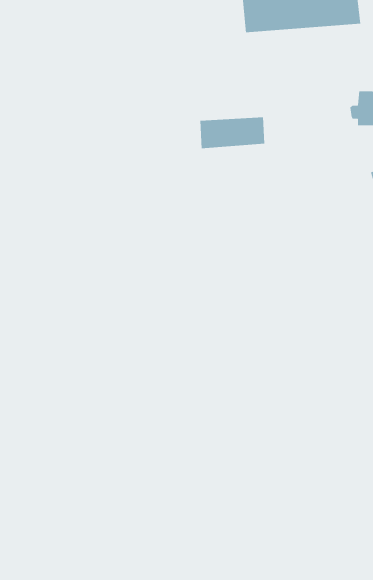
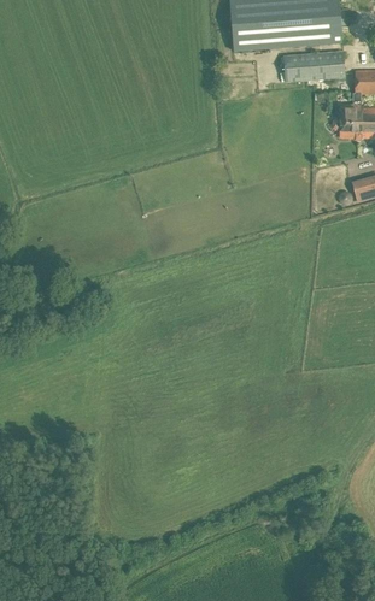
building: [200,117,265,149] -> [285,51,346,81]

